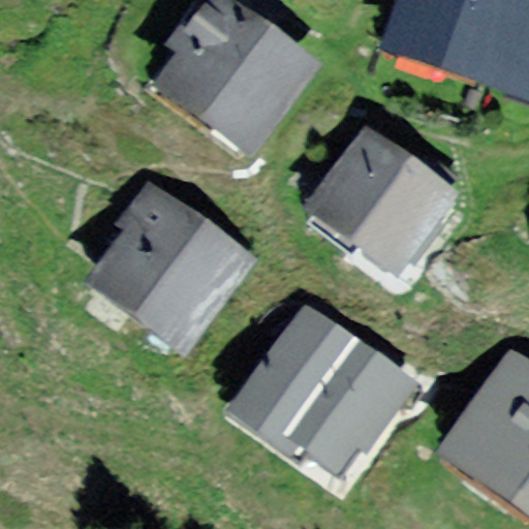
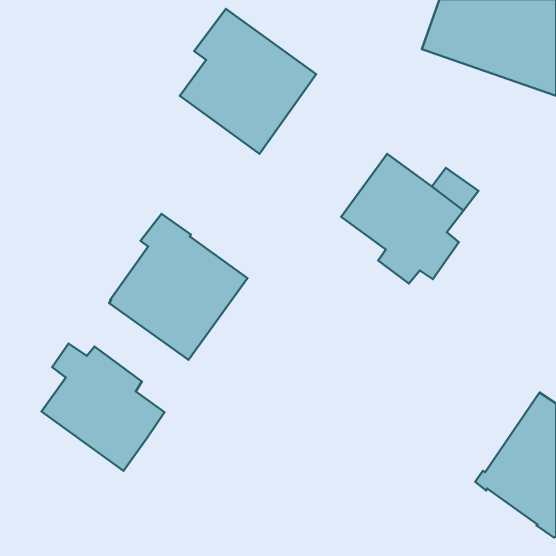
building: [245,325,390,461] -> none
building: none -> [41,344,165,471]

